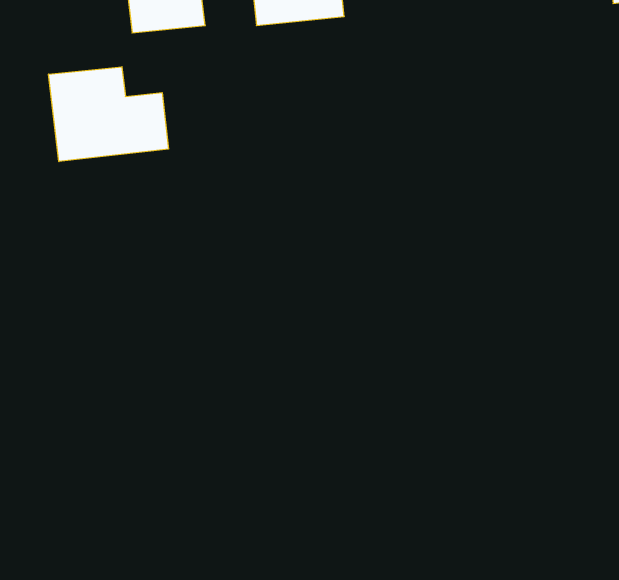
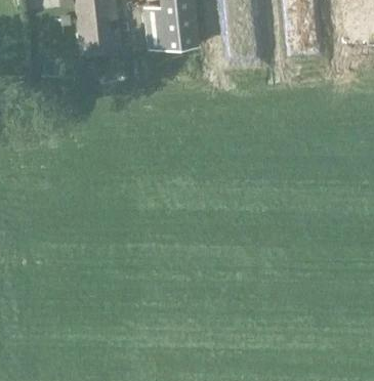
building: [49,67,168,162] -> none

